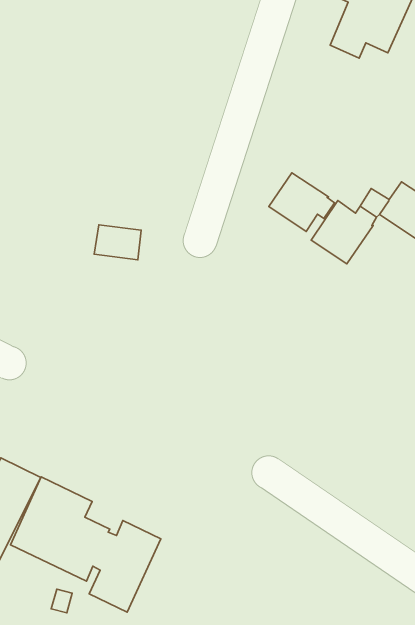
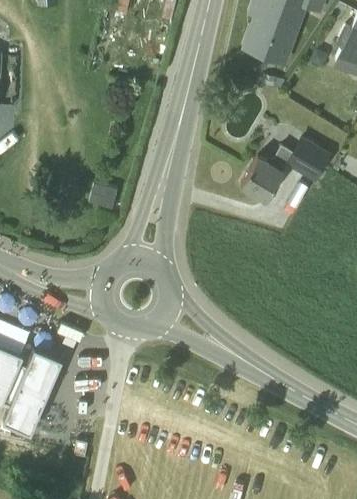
building: [269,173,334,232] -> none
building: [10,477,161,612] -> none

